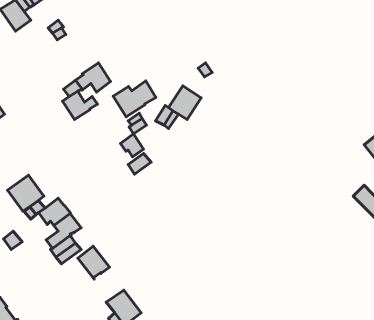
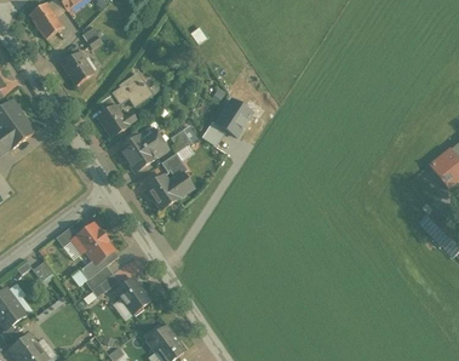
building: none -> [62,51,93,84]
building: [113,81,156,117] -> [120,131,167,171]
building: none -> [145,174,178,208]
building: [8,175,44,211] -> none

